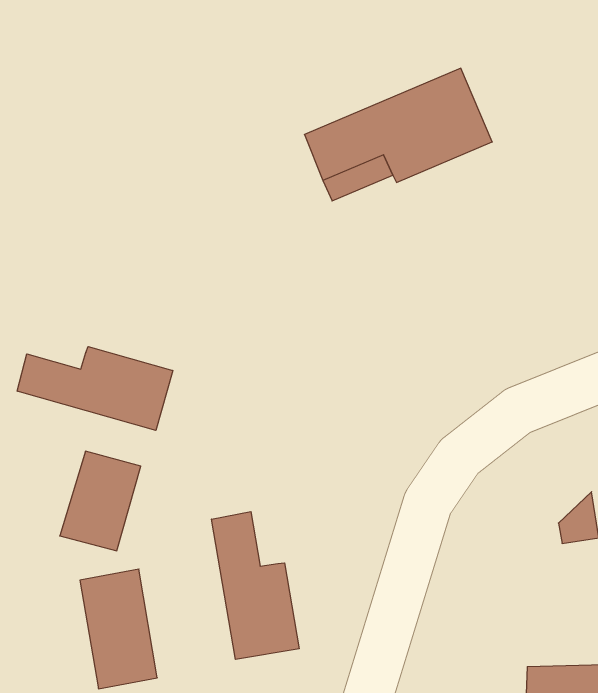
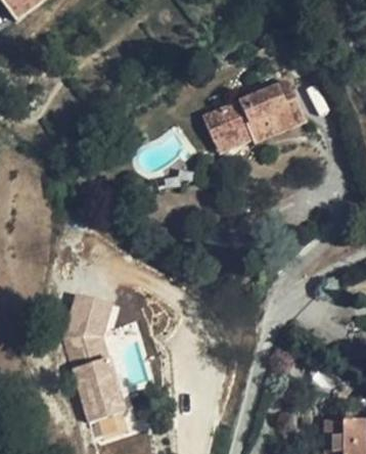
building: [17,347,173,430] -> none
building: [212,512,299,659] -> none

